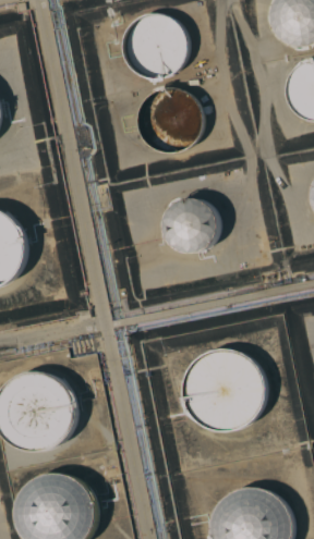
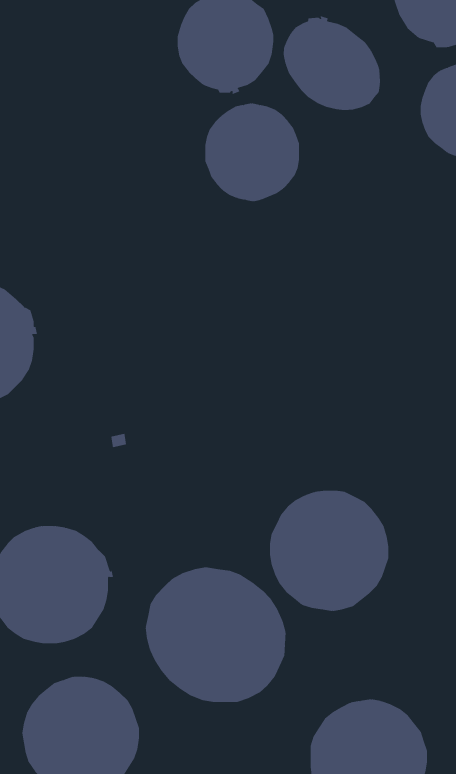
building: none -> [283,15,380,111]
building: [164,195,219,250] -> none
building: none -> [145,567,286,703]

